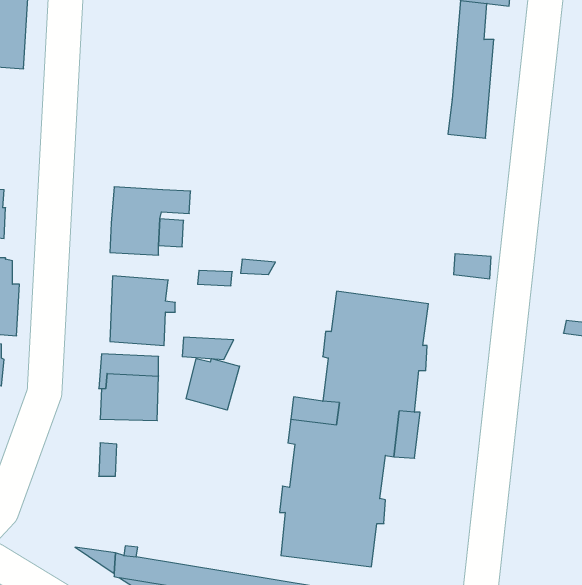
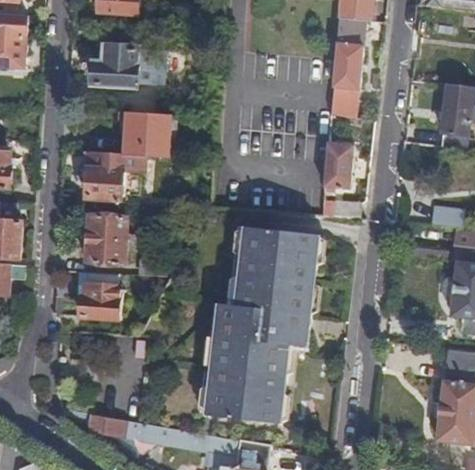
building: none -> [93,47,165,87]
building: none -> [123,112,170,157]
building: none -> [321,142,352,199]
building: [186,359,240,410] -> none

